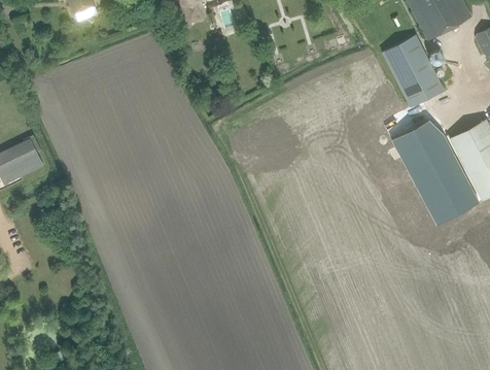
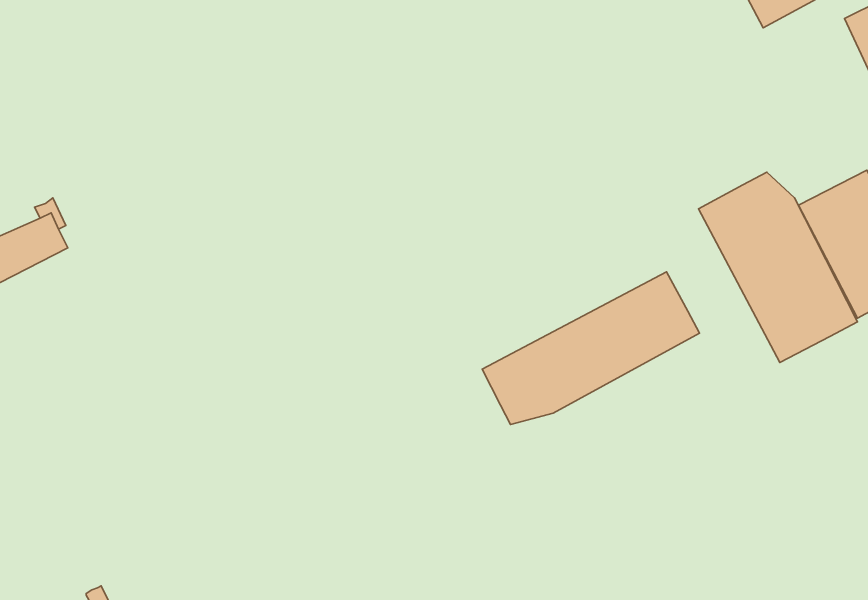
building: [383,36,445,108] -> none
building: none -> [482,272,700,424]

